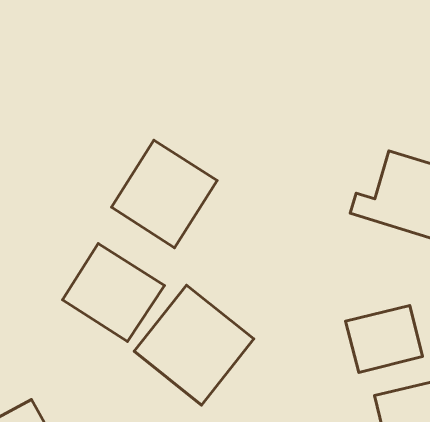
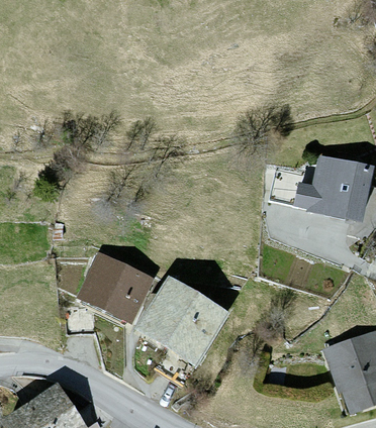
building: [111,140,217,248] -> none
building: [345,305,422,372] -> none

